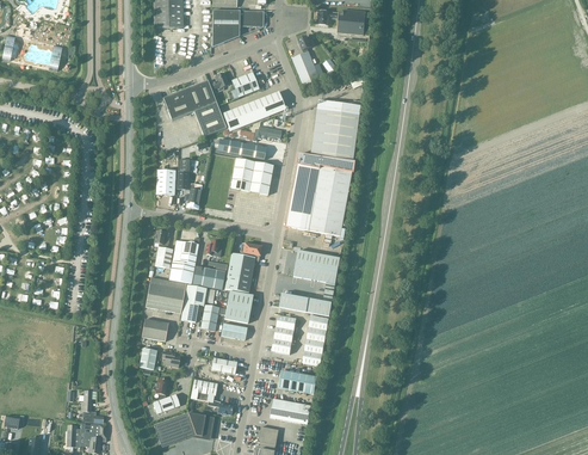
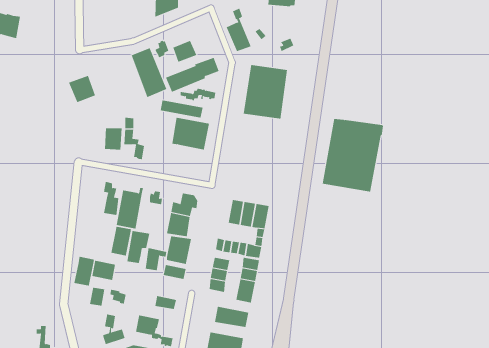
building: [162,88,193,119] -> [68,75,96,103]
building: [285,153,354,235] -> [322,119,384,192]
building: [192,265,224,289] -> none
building: [144,276,168,309] -> [73,256,95,286]

